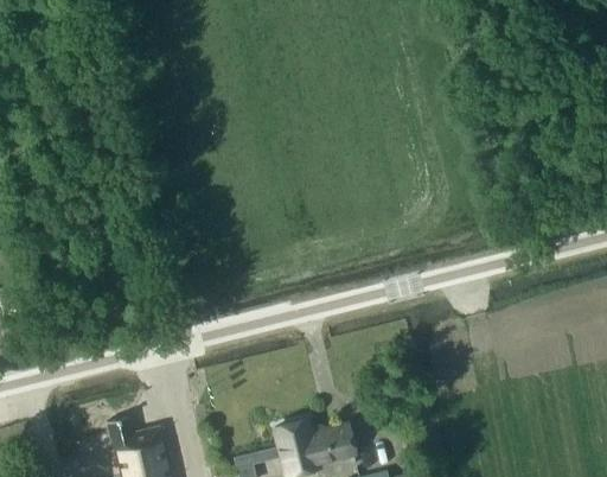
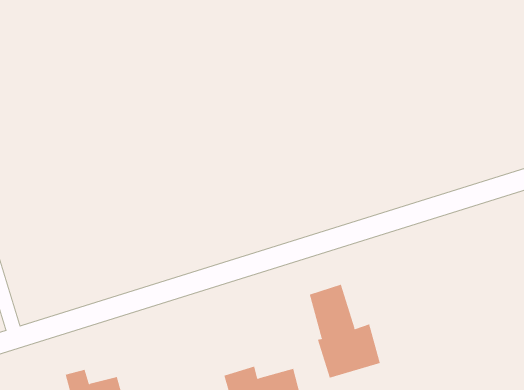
building: none -> [309,284,381,378]

